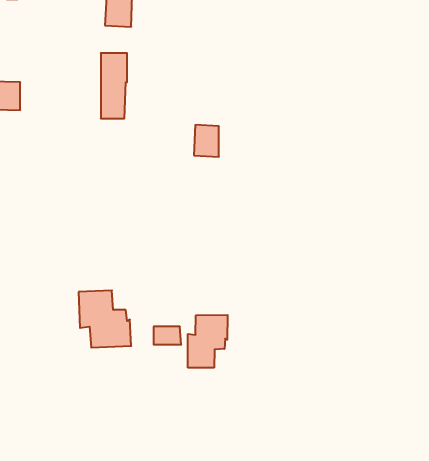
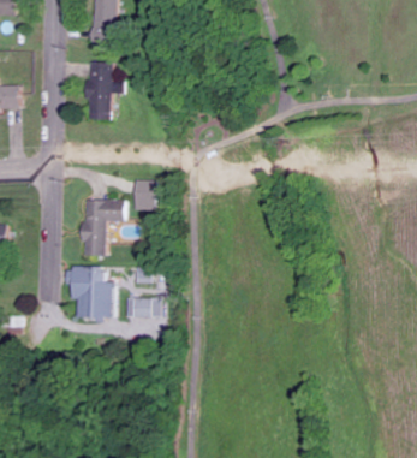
building: [194,125,219,157] -> [136,182,157,209]
building: none -> [83,200,126,255]
building: [188,315,228,368] -> none

